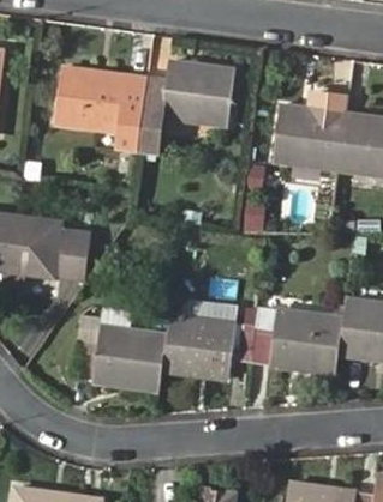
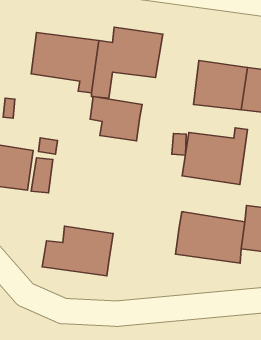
building: none -> [90,97,142,141]
building: none -> [182,128,248,184]
building: [162,313,256,381] -> none

